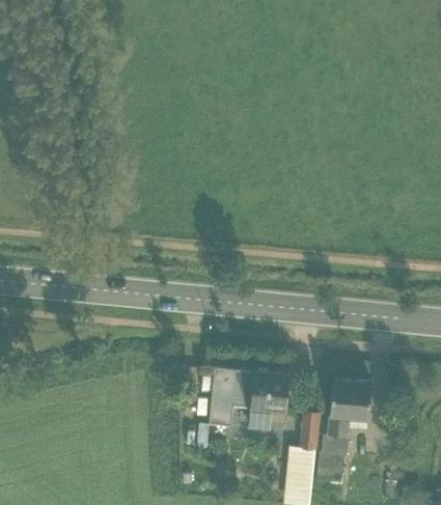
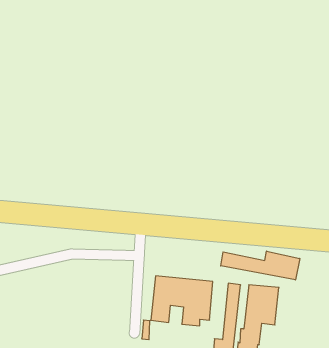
building: none -> [221,251,300,280]

